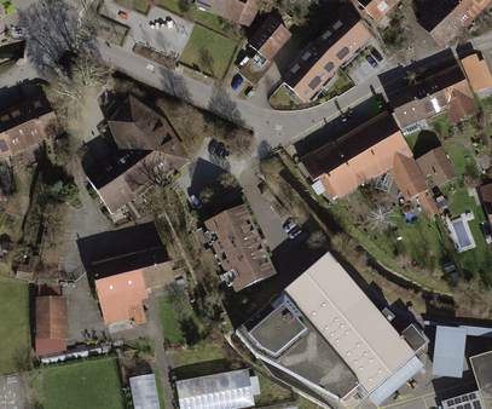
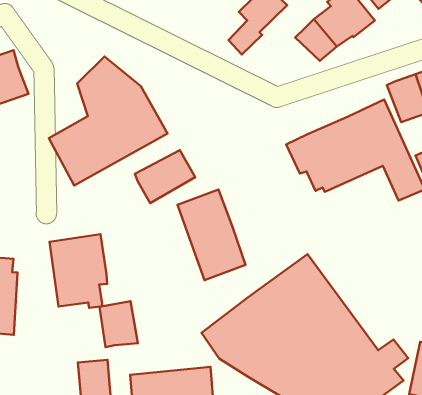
building: [283,59,325,100] -> none
building: none -> [135,150,195,203]
building: [139,246,176,289] -> [99,301,138,347]

